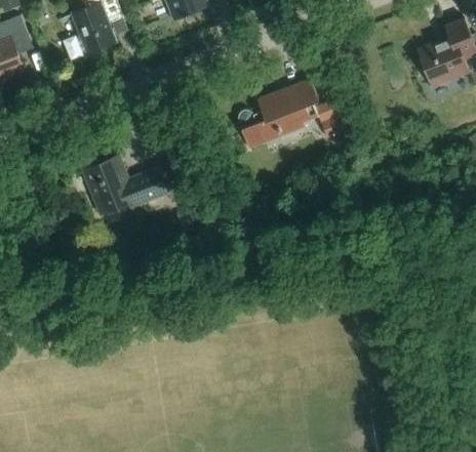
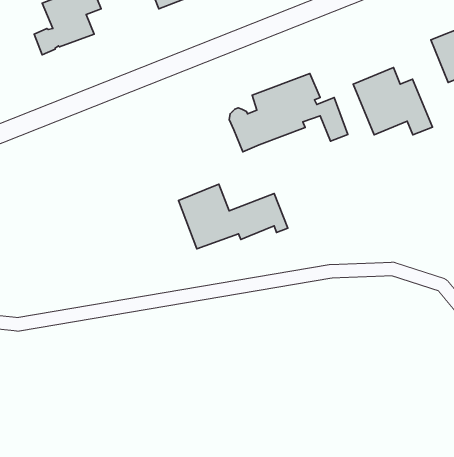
building: none -> [353,68,433,135]
building: [83,155,181,212] -> [178,184,288,249]

